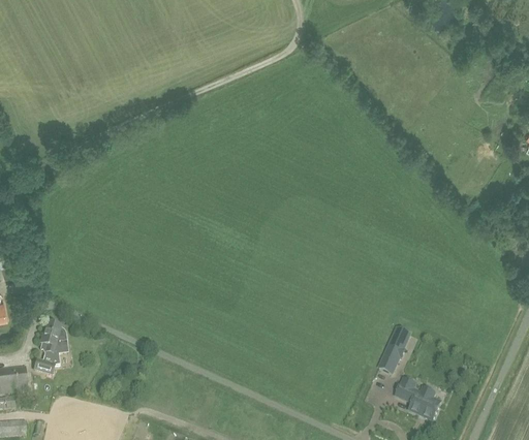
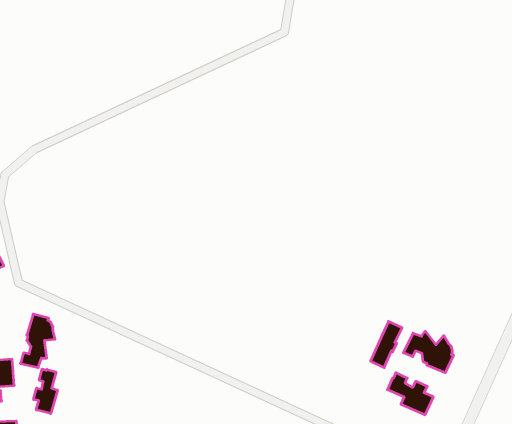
building: none -> [403,331,453,373]
building: none -> [34,369,57,414]

